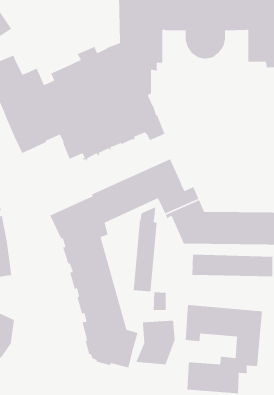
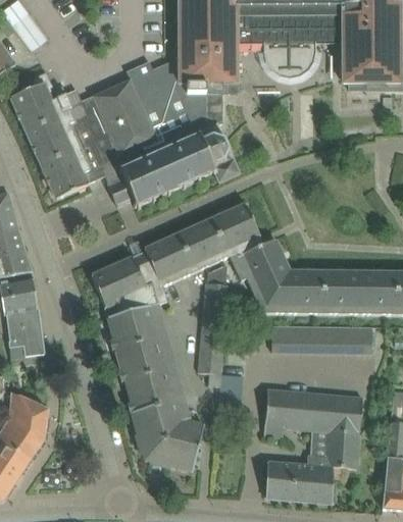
building: [135,320,175,365] -> none

